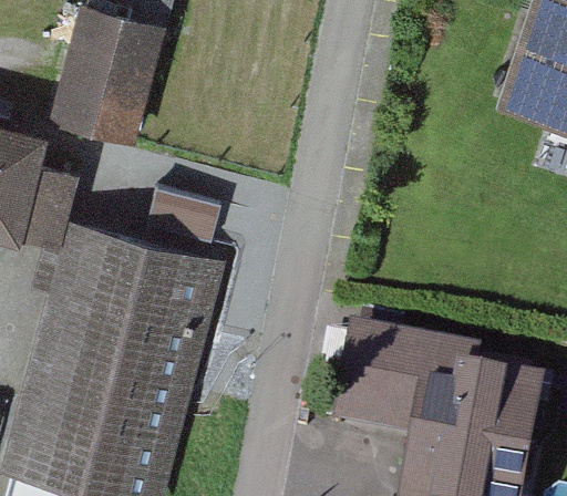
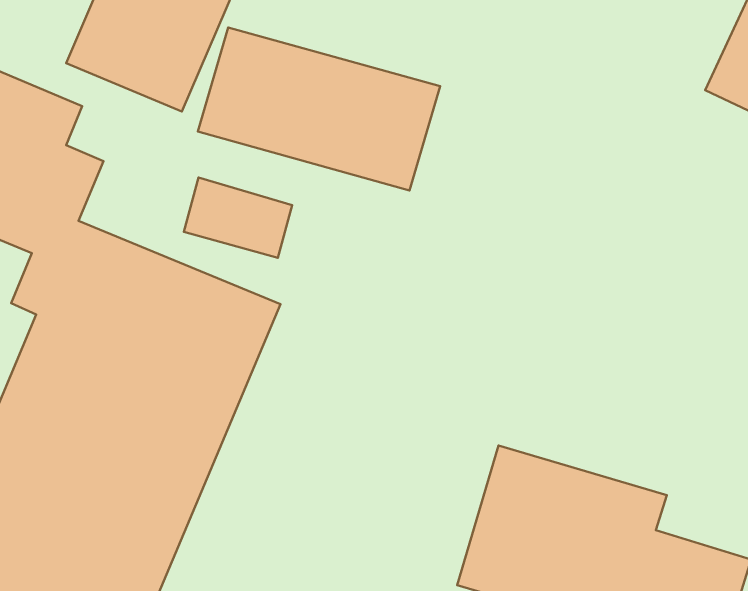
building: none -> [198,27,440,190]

